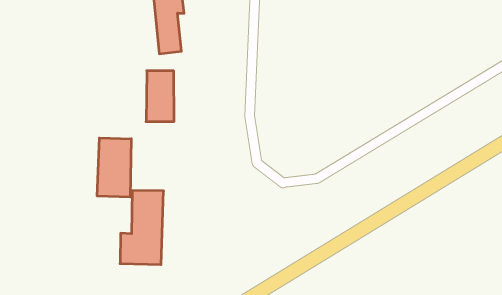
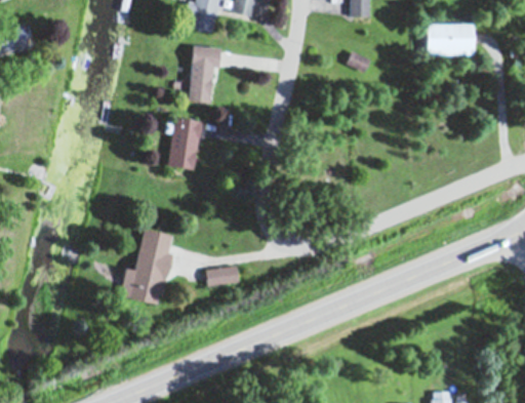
building: [97,138,131,197] -> none
building: none -> [206,265,239,285]

